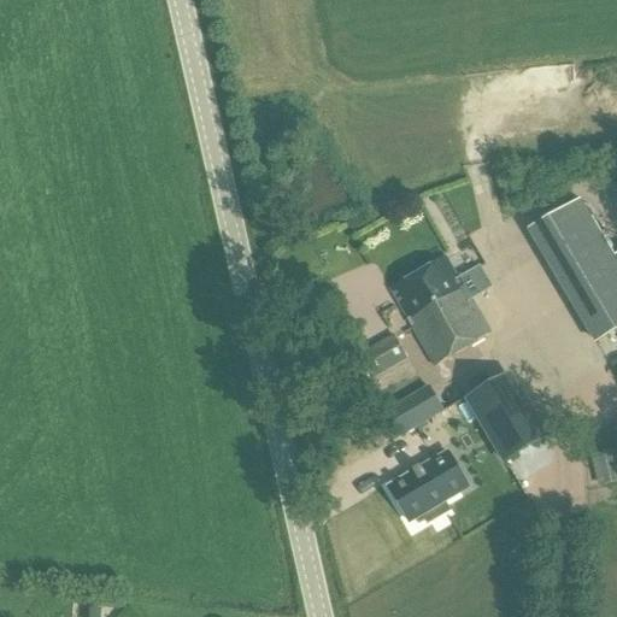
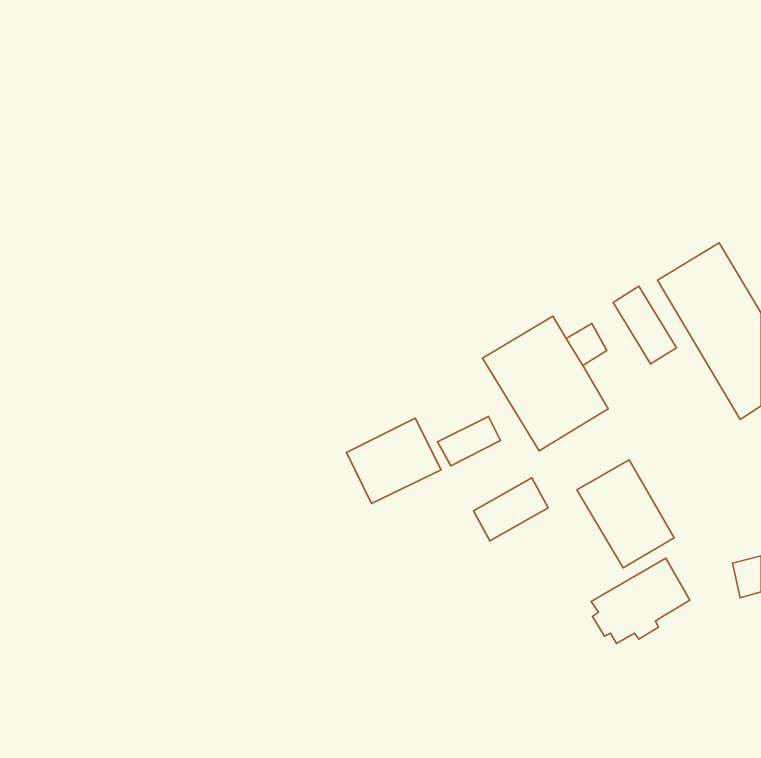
building: none -> [613,286,676,364]
building: none -> [346,418,441,503]
building: [388,449,468,518] -> [591,558,690,644]

